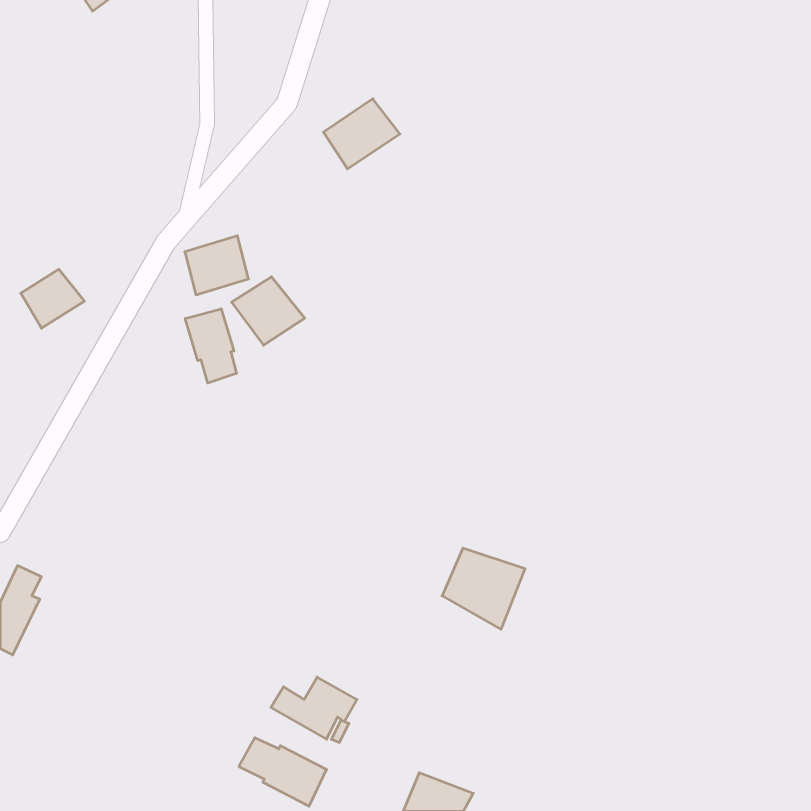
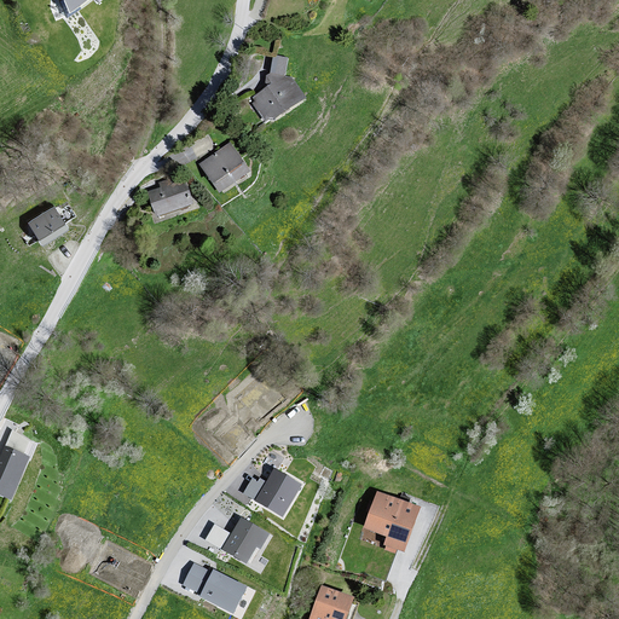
building: [232,277,305,345] -> [195,144,250,196]
building: [185,309,236,383] -> none
building: [442,548,525,629] -> [357,494,420,556]
building: none -> [245,465,303,514]

